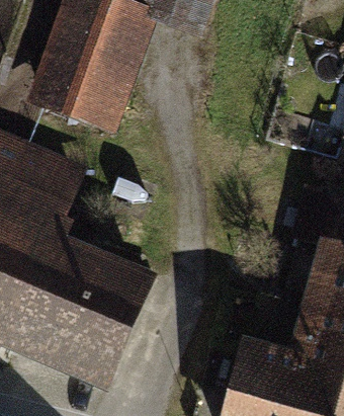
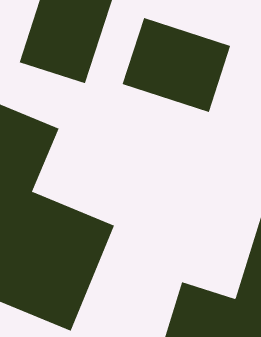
building: none -> [122,17,231,113]

